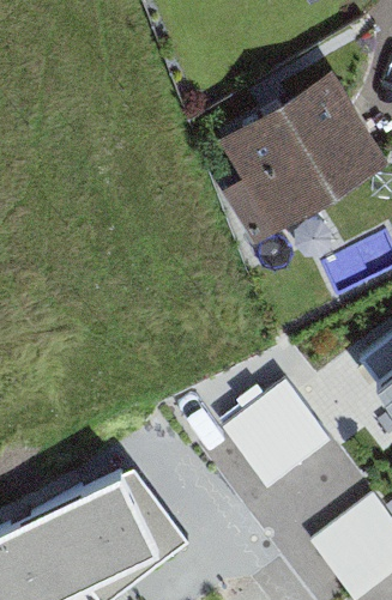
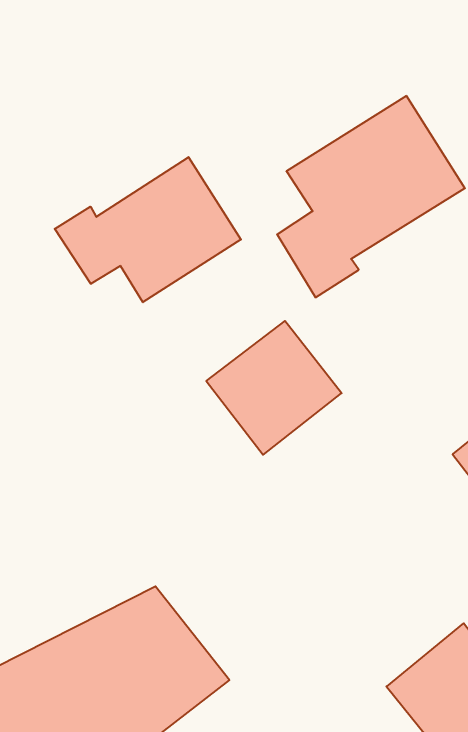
building: none -> [55,157,241,302]
building: [224,382,330,486] -> [206,321,342,455]

